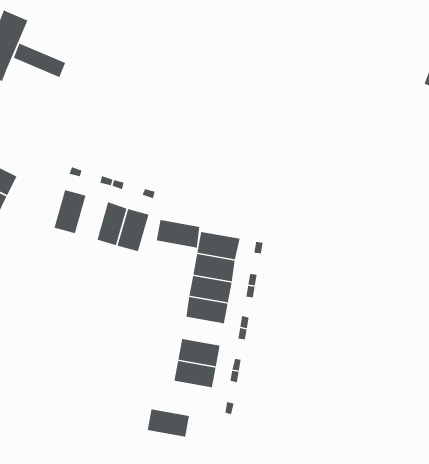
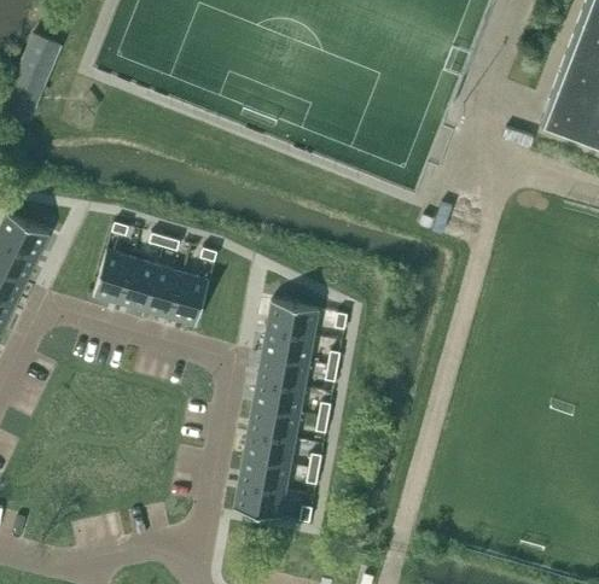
building: [13,43,66,78] -> none
building: none -> [120,258,158,313]
building: [156,219,200,248] -> none
building: none -> [248,405,300,439]
building: [147,409,190,438] -> [233,483,285,518]

